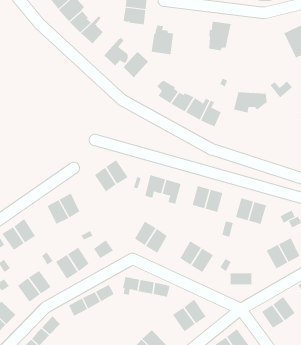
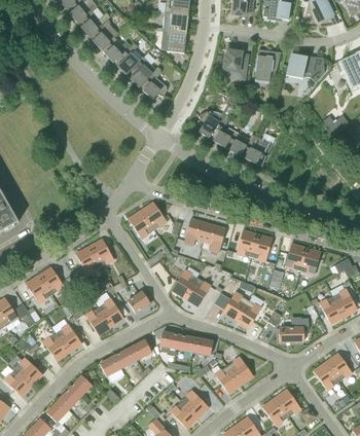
building: [151,25,174,55] -> [222,45,248,78]
building: [123,51,149,78] -> [127,57,155,86]
building: [233,92,268,113] -> [286,55,324,78]

